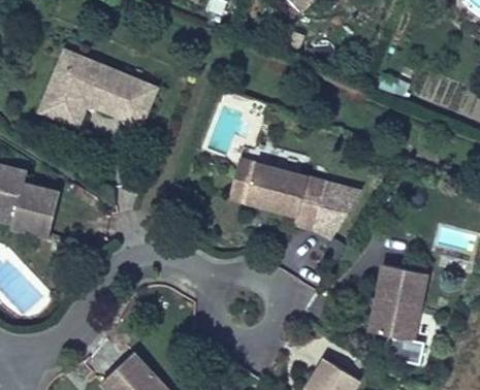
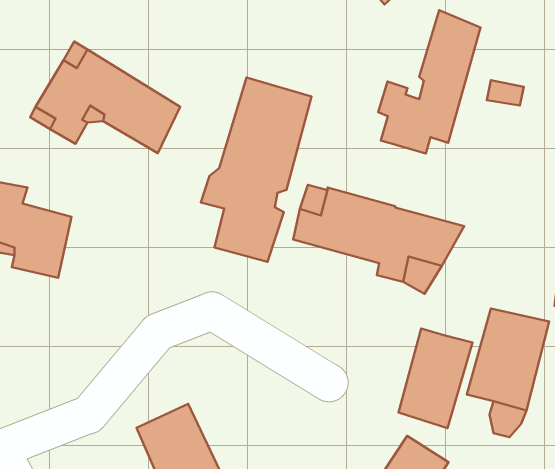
building: none -> [378,10,481,154]
building: none -> [201,78,312,262]
building: none -> [399,328,472,428]

